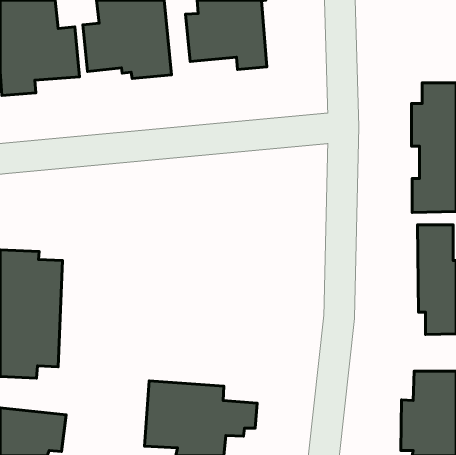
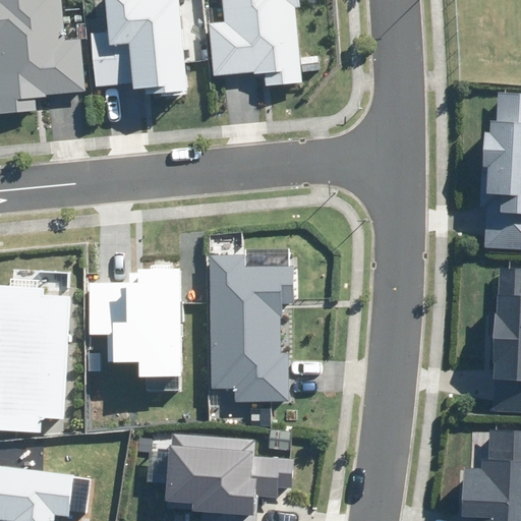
building: none -> [211,256,294,402]
building: none -> [90,271,181,379]

